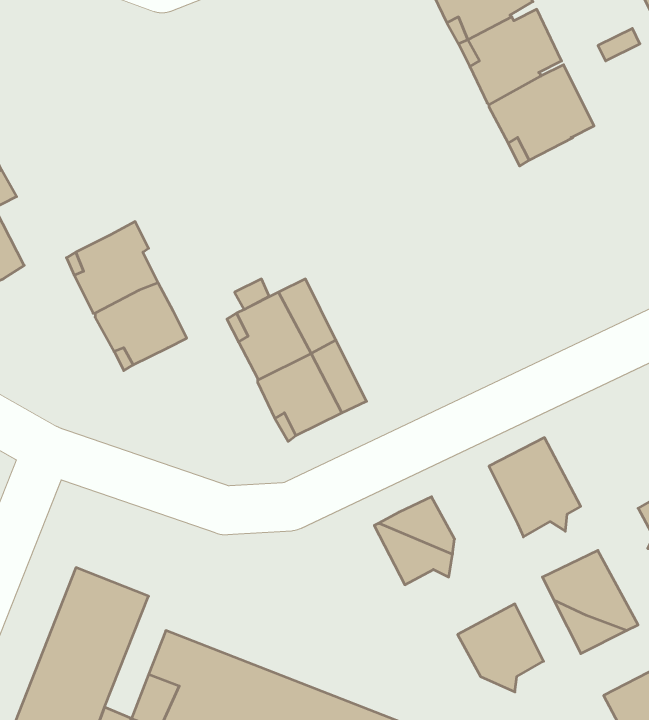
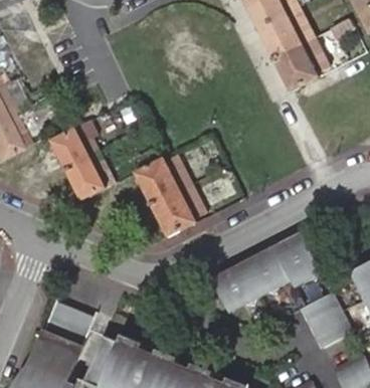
building: [458,604,544,692] -> [245,248,291,295]

